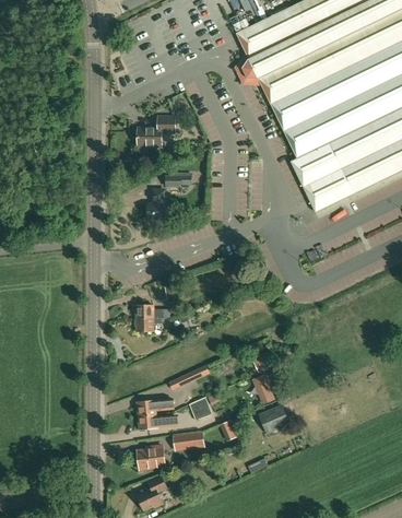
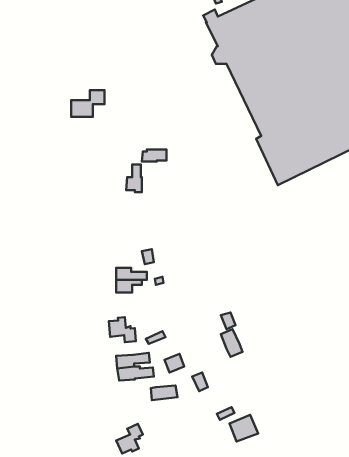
building: [138,116,175,145] -> [71,90,105,117]
building: none -> [109,317,136,342]
building: [259,403,291,433] -> [230,415,258,441]
building: [139,445,165,469] -> none

